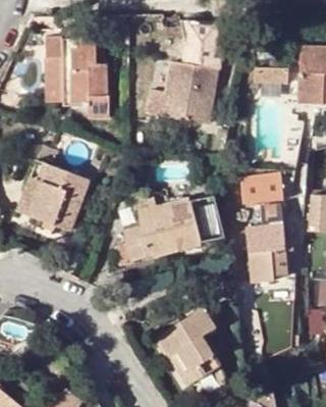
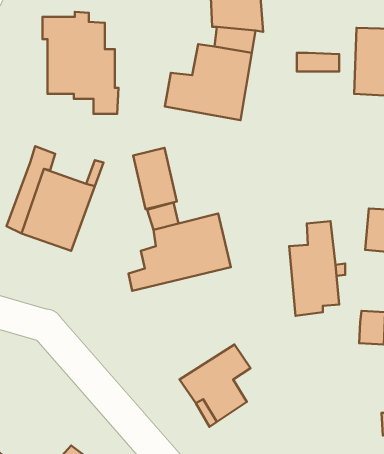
building: [239,173,282,204] -> none
building: [188,194,224,244] -> [133,148,177,209]

